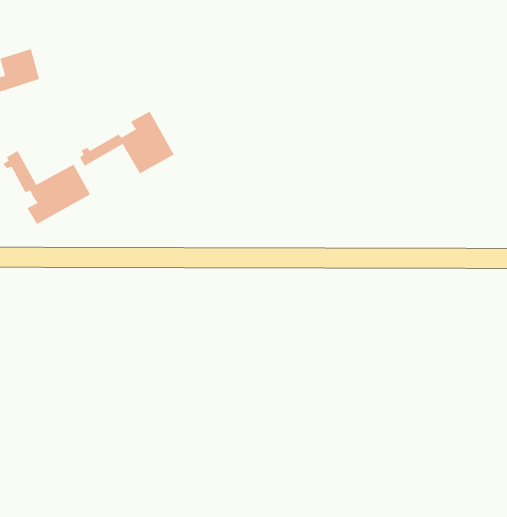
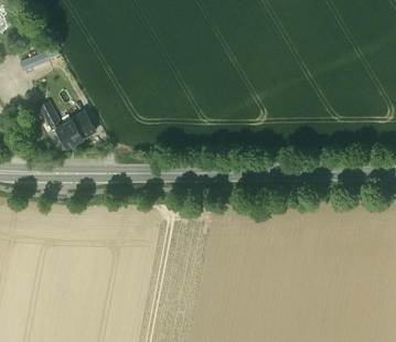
building: [79,111,174,174] -> none

